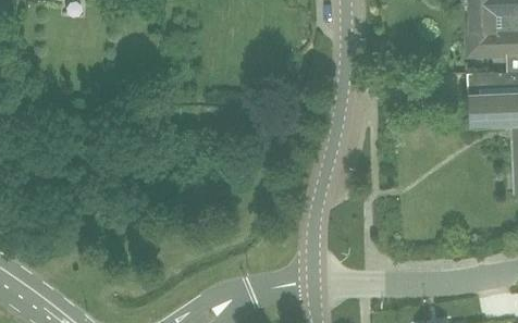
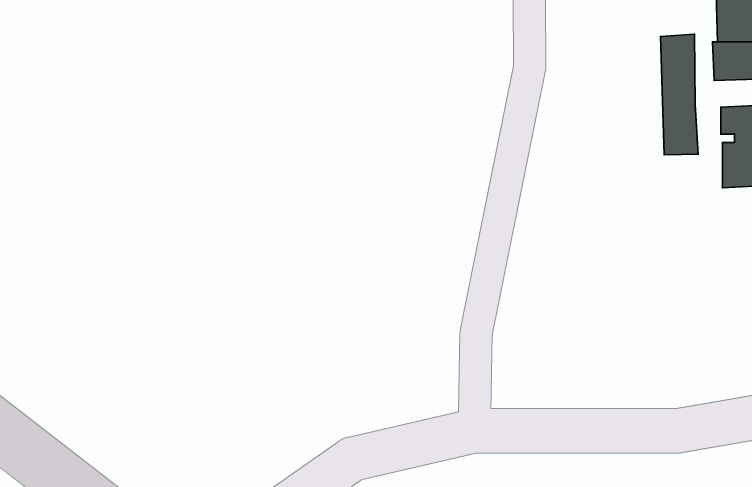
building: none -> [661,34,698,155]

